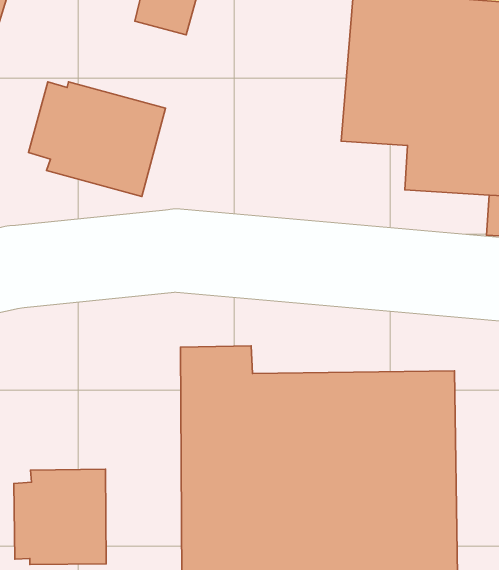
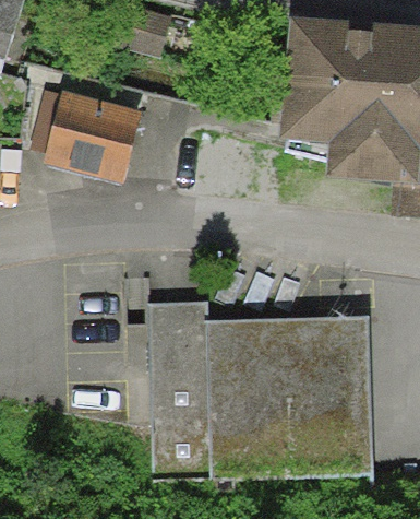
building: [14,469,106,564] -> none

